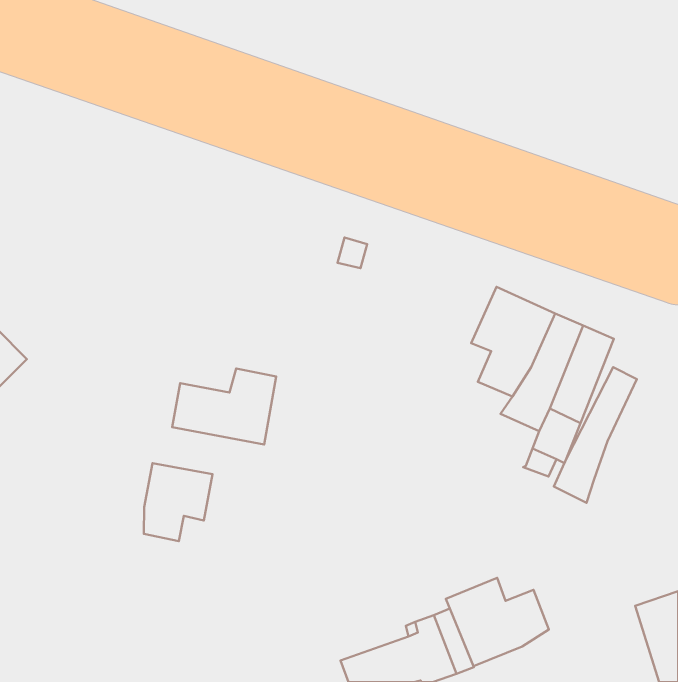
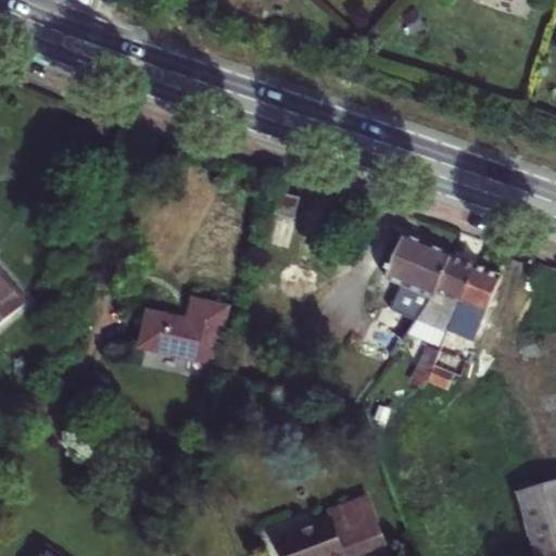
building: [554,367,637,503] -> none
building: [144,463,213,541] -> none
building: [446,578,549,666] -> none

